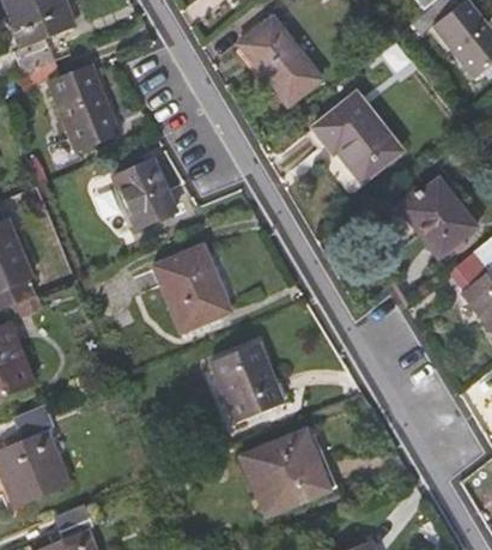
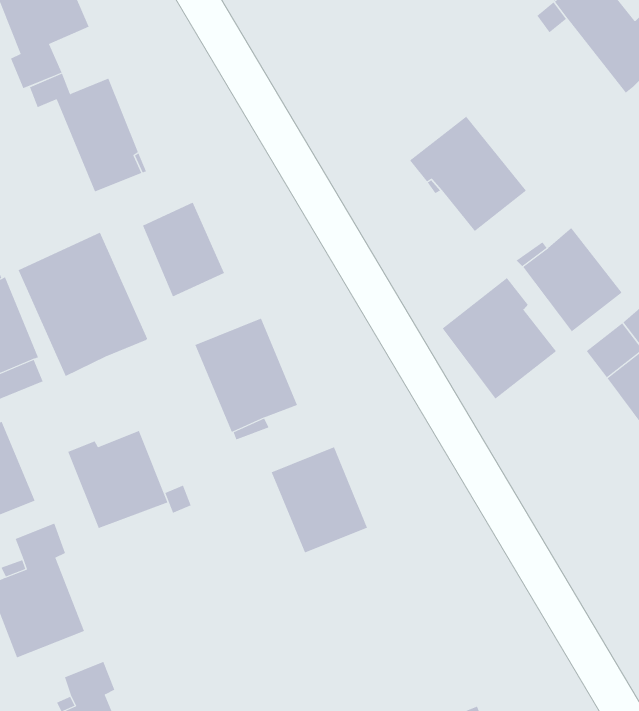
building: [238,18,322,108] -> none
building: none -> [18,232,148,377]
building: none -> [442,277,557,399]
building: none -> [67,430,168,529]
building: [239,435,340,522] -> none

